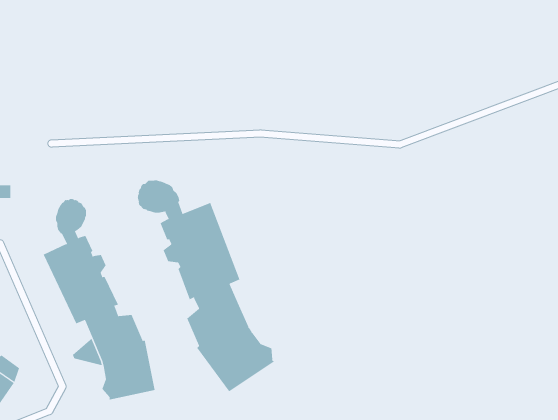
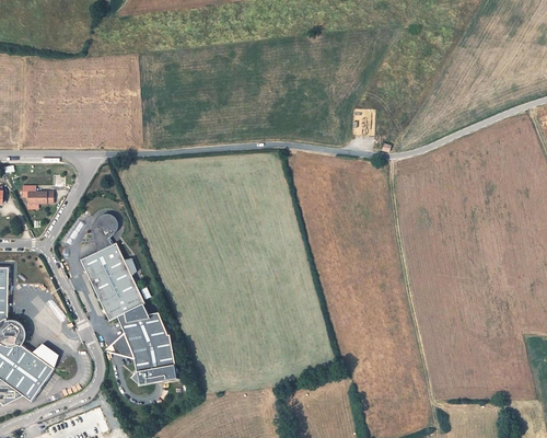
building: [137,180,275,392] -> none

